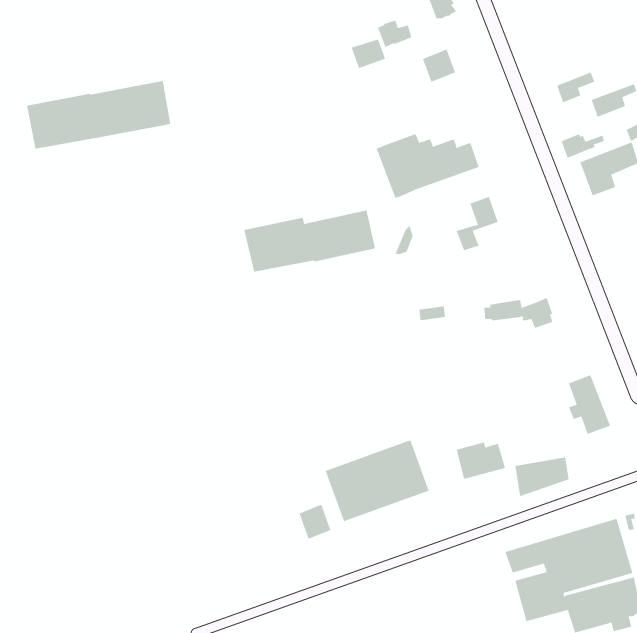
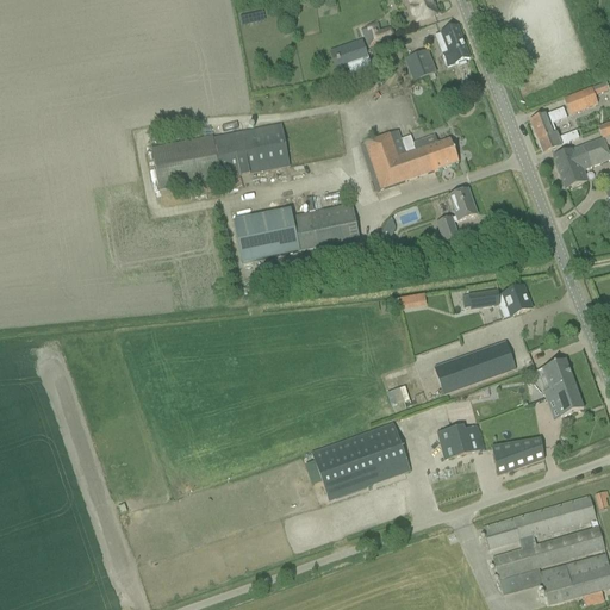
building: none -> [441,24,469,64]
building: [556,72,595,103] -> [530,105,567,135]
building: [26,81,171,149] -> [151,122,290,187]
building: none -> [434,338,516,393]
building: [299,504,331,540] -> none

